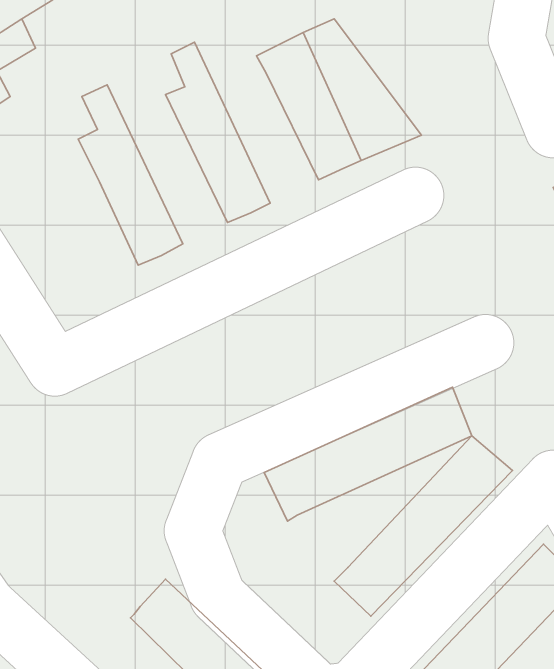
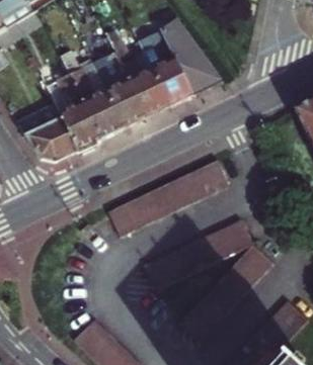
building: none -> [107,30,172,119]
building: none -> [62,53,125,141]
building: none -> [18,104,78,163]
building: none -> [105,157,227,232]

